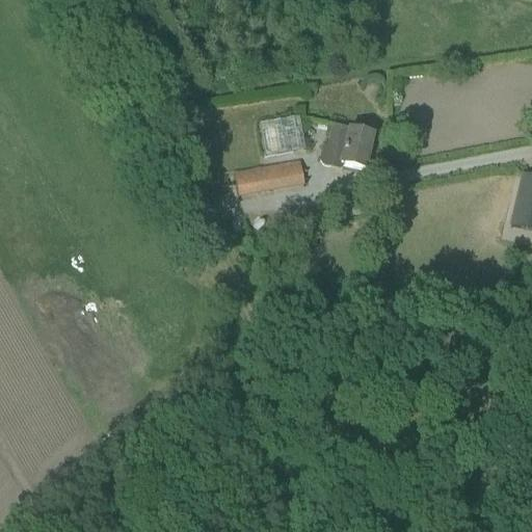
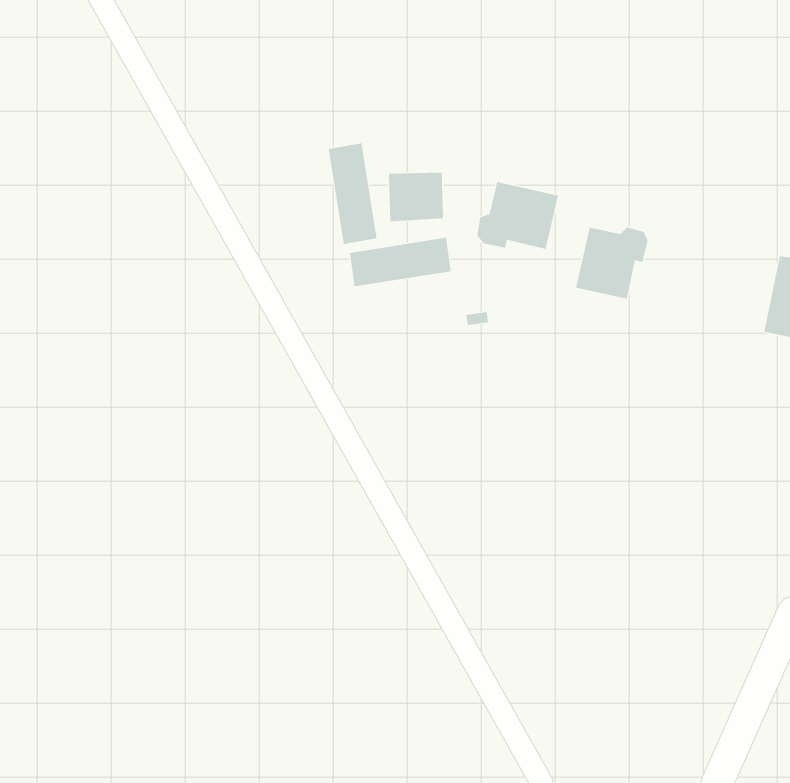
building: none -> [328,143,377,245]
building: none -> [576,226,648,299]

